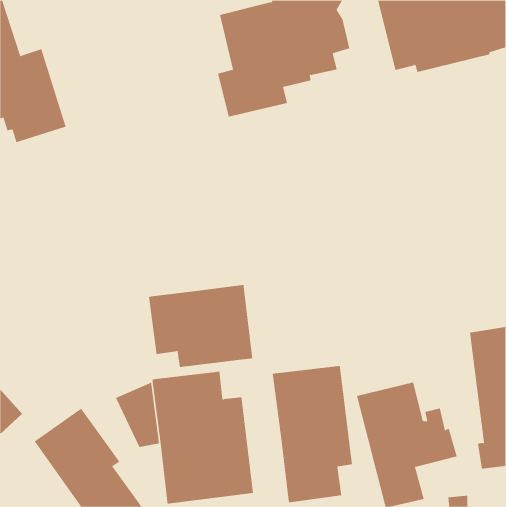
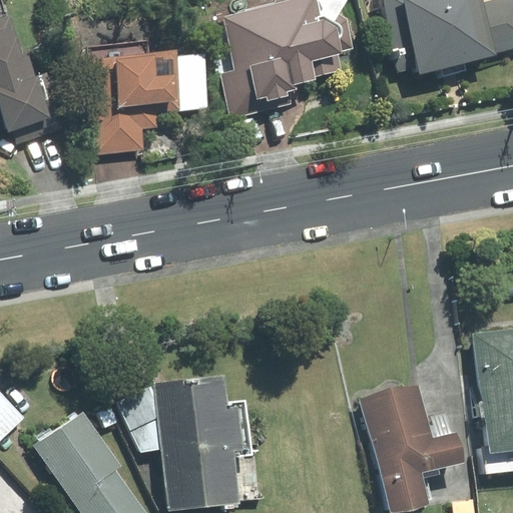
building: none -> [85,41,208,154]
building: [148,284,253,368] -> none
building: [272,365,352,503] -> none

